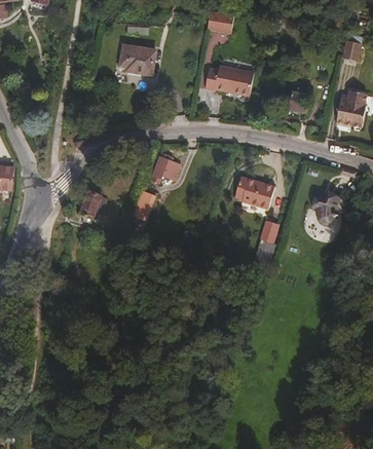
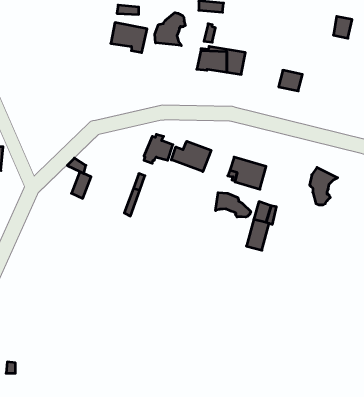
building: none -> [155,13,185,46]
building: [335,92,366,127] -> none
building: none -> [171,141,211,172]
building: none -> [216,193,251,217]

